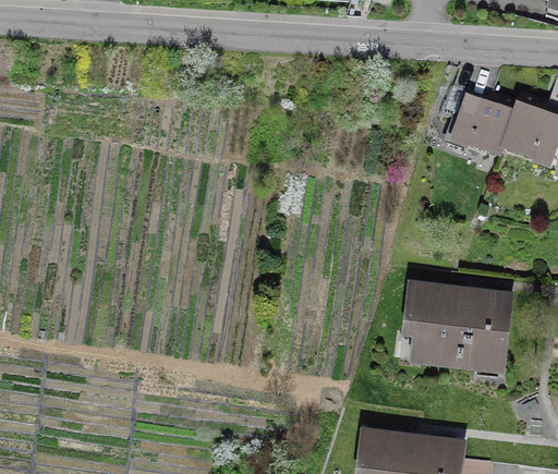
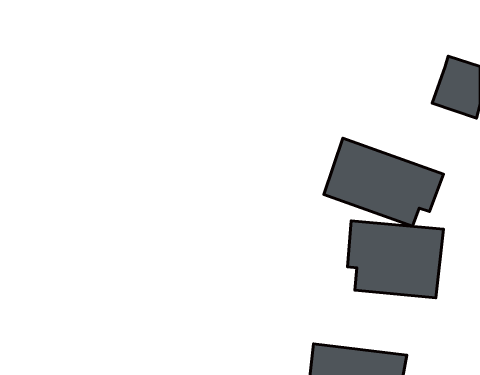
building: [448,87,515,158] -> none
building: none -> [324,138,444,226]

